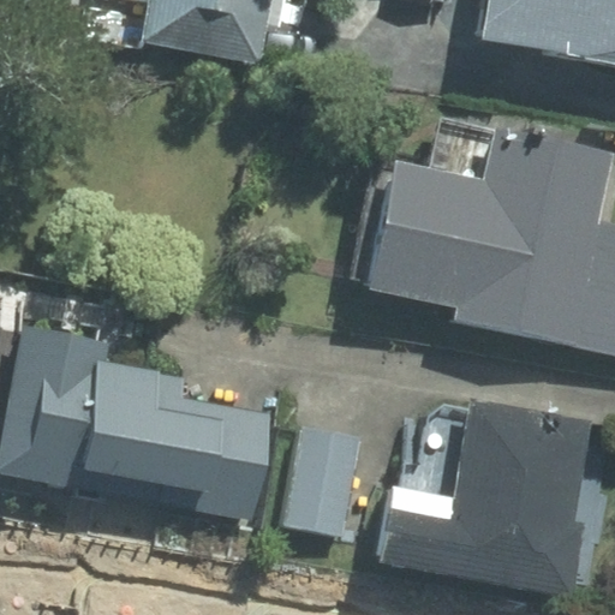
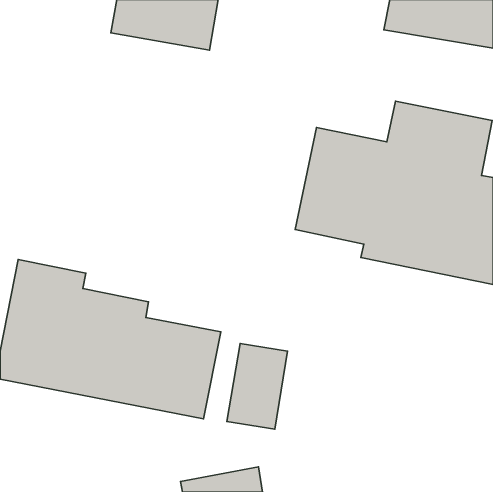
building: [380,399,592,597] -> none

